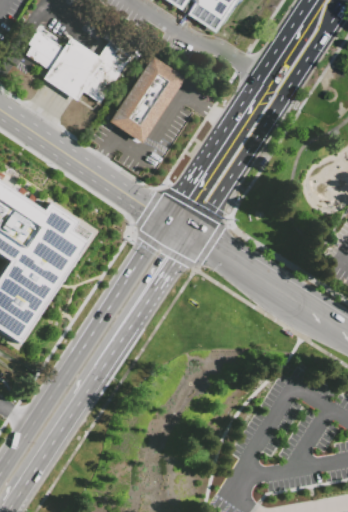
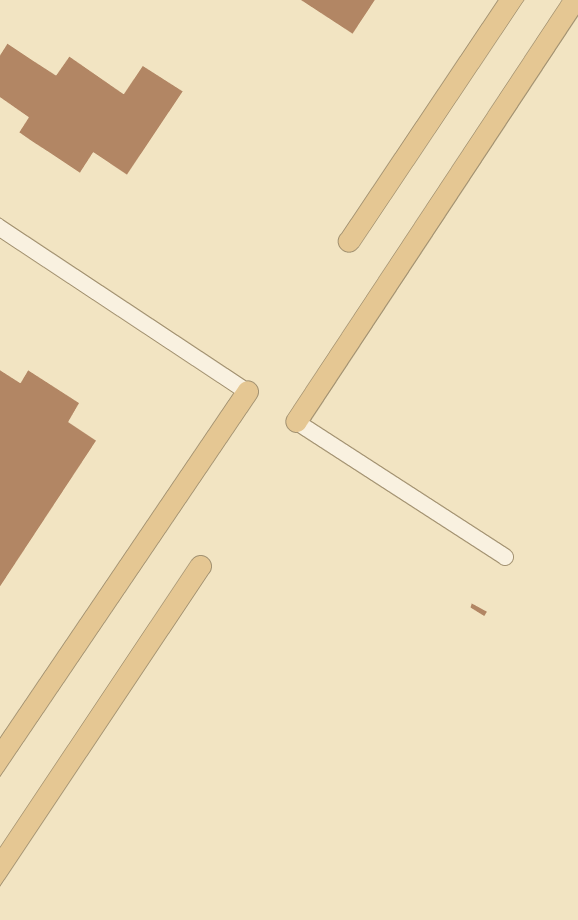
building: [108,56,184,143] -> none

